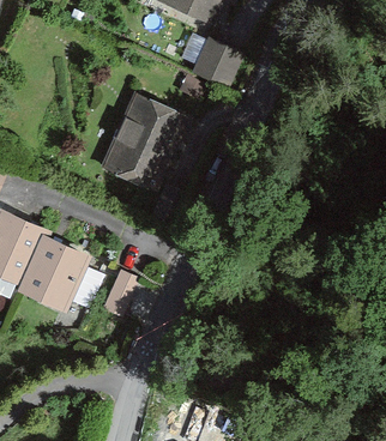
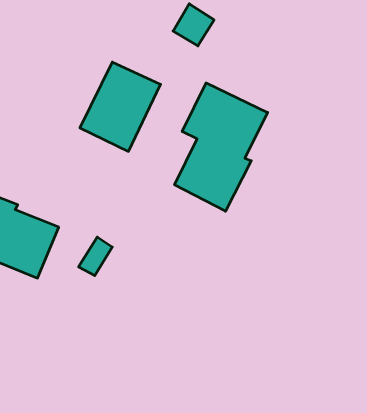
building: none -> [175,83,268,211]

